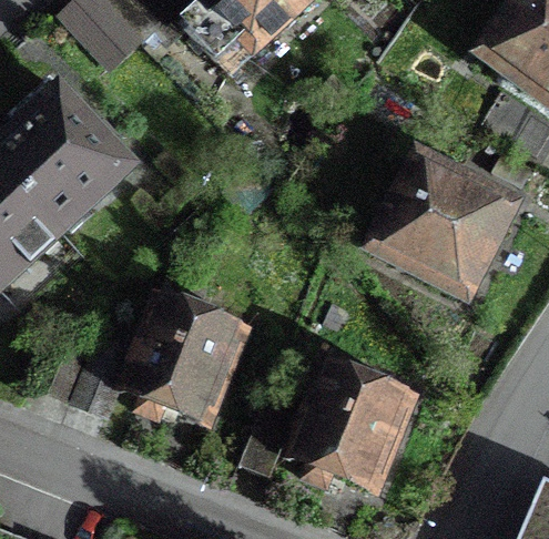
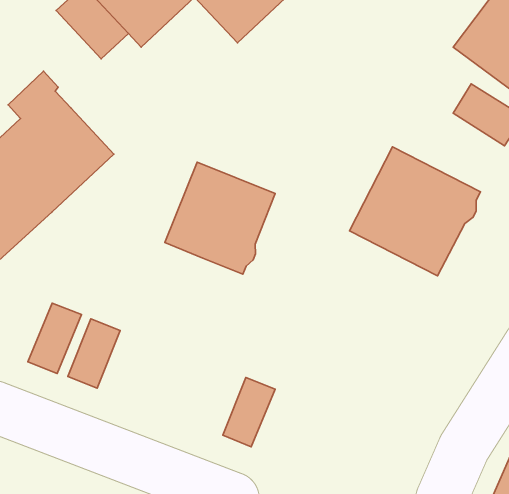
building: none -> [165,162,275,274]
building: [125,302,243,420] -> none
building: [292,368,411,489] -> none

